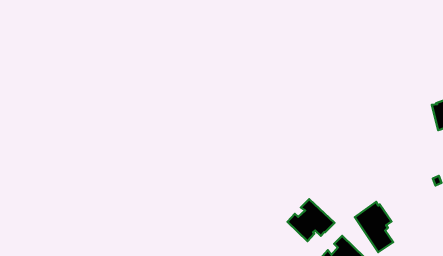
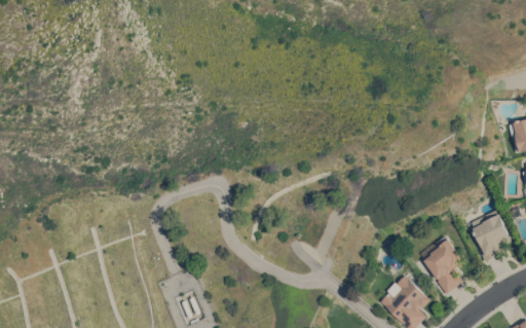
building: none -> [471,210,512,262]
building: [287,199,334,241] -> none

